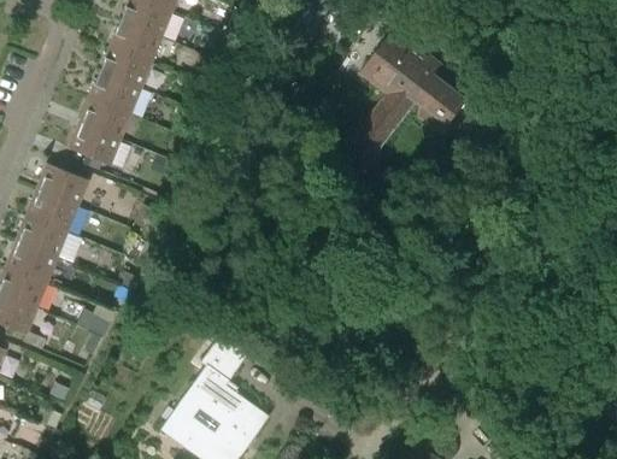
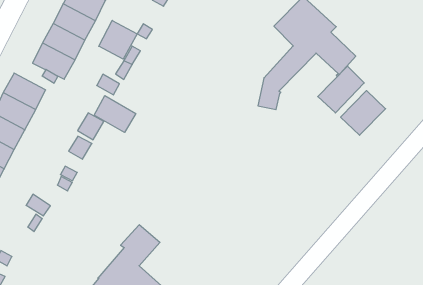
building: none -> [99,20,137,59]
building: none -> [318,66,364,113]
building: none -> [341,91,386,135]
building: none -> [94,96,136,132]

